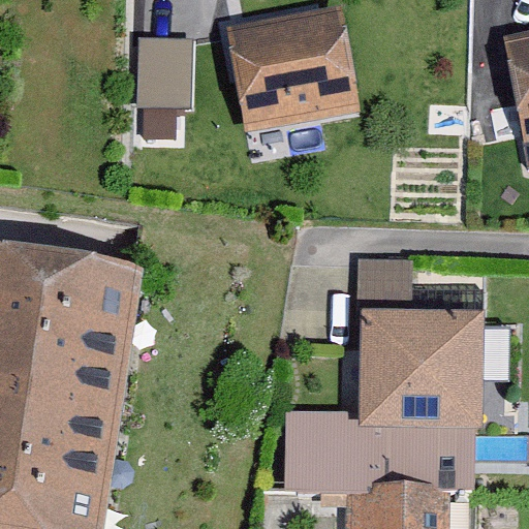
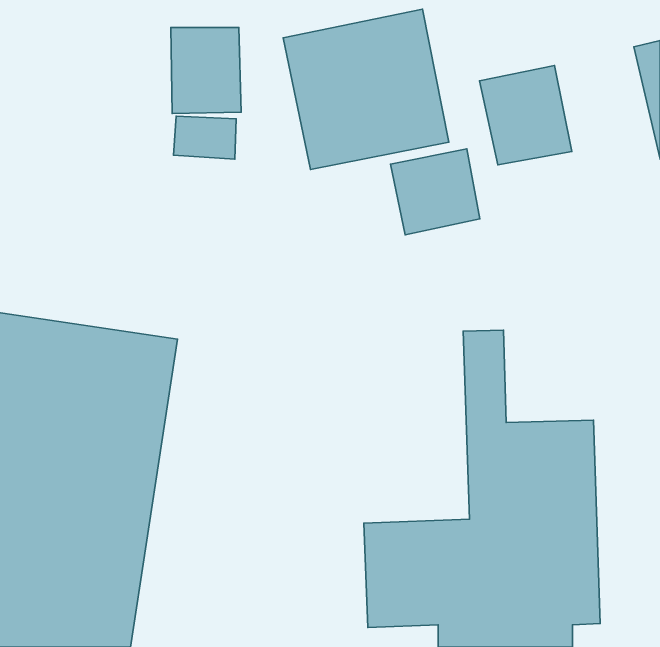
building: none -> [480,65,572,165]
building: none -> [391,149,480,235]

